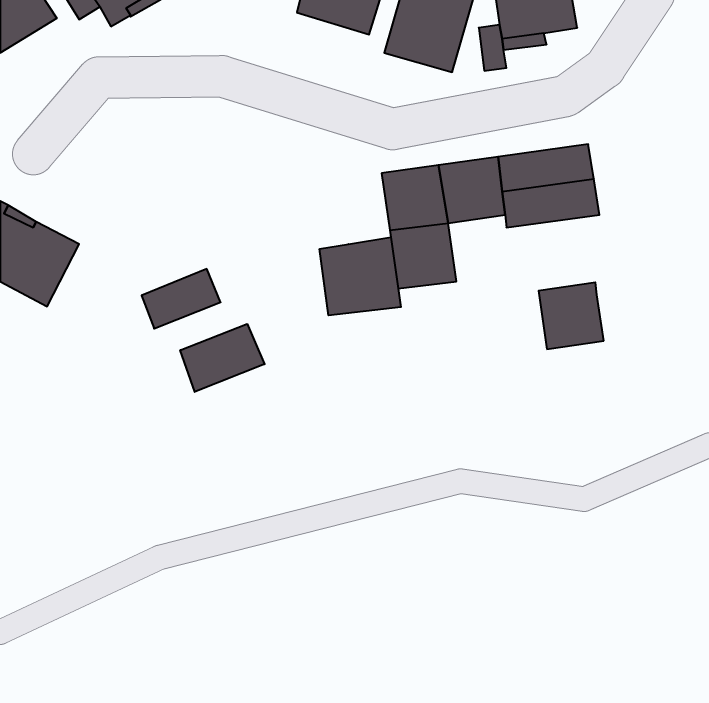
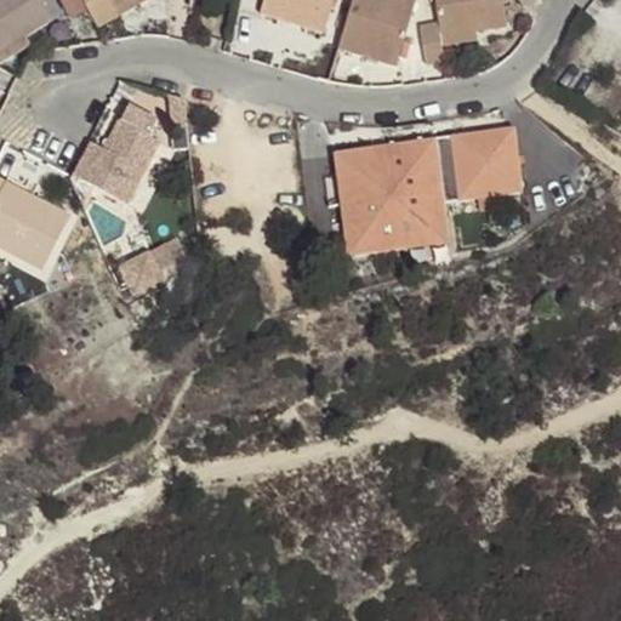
building: none -> [69,101,164,210]
building: [320,237,401,315] -> none
building: [539,282,604,349] -> [392,188,449,246]
building: [180,324,265,392] -> none

